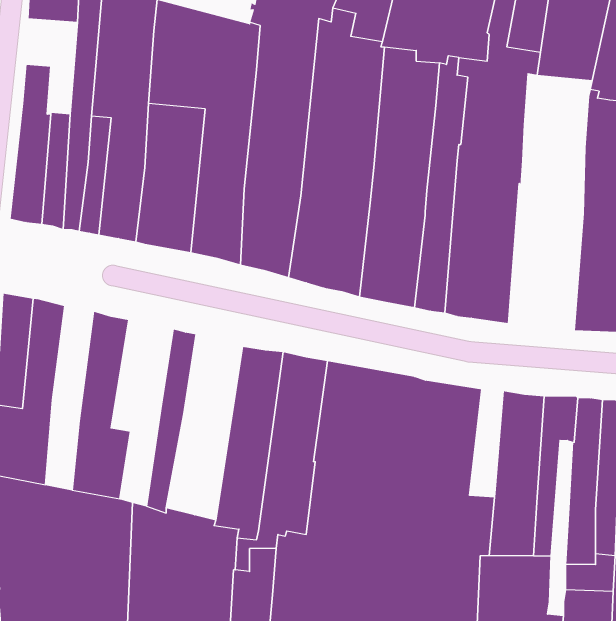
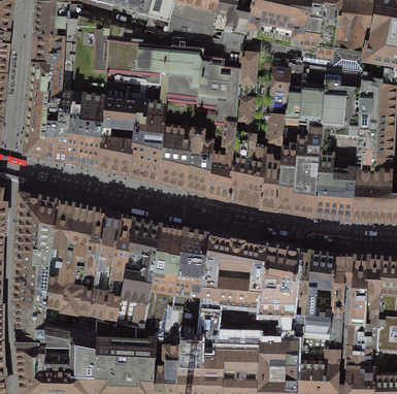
building: none -> [34,37,64,93]
building: none -> [315,69,363,219]
building: none -> [45,204,73,311]
building: none -> [84,212,120,321]
building: none -> [115,221,161,329]
building: none -> [292,253,311,316]

